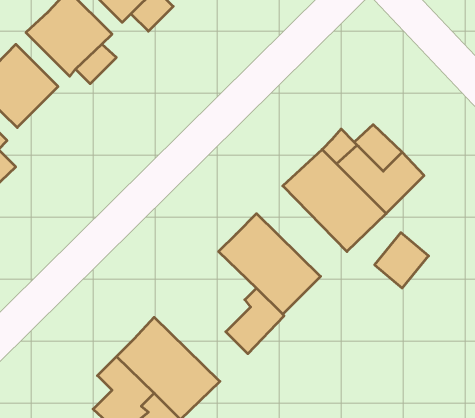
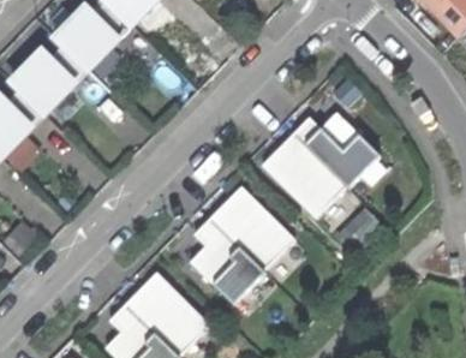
building: none -> [192,219,241,285]

